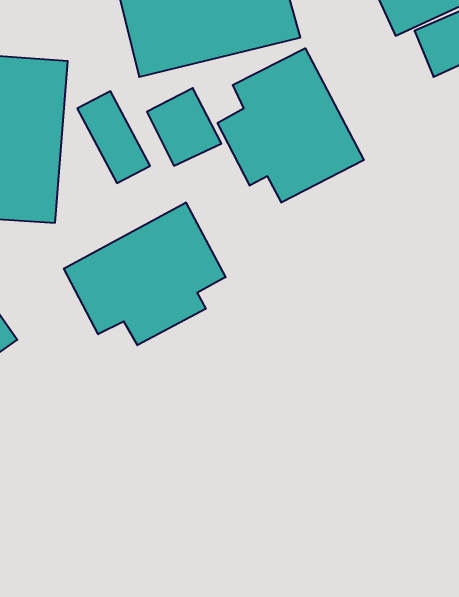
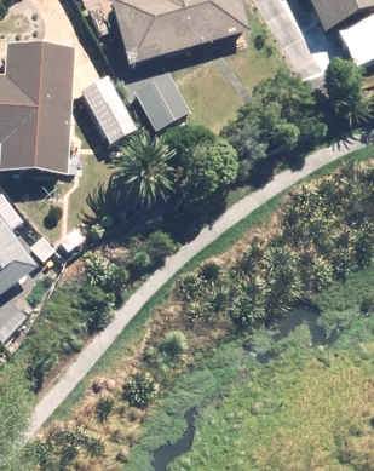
building: [218,48,364,203] -> none
building: [64,202,226,345] -> none

